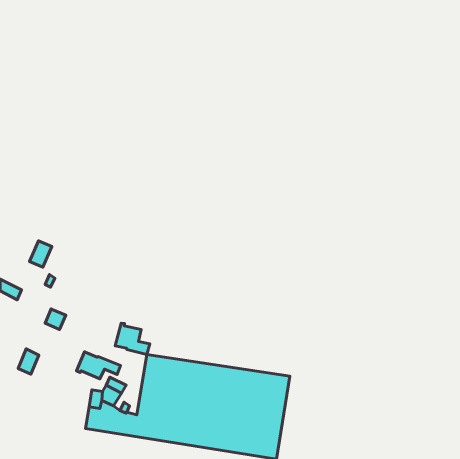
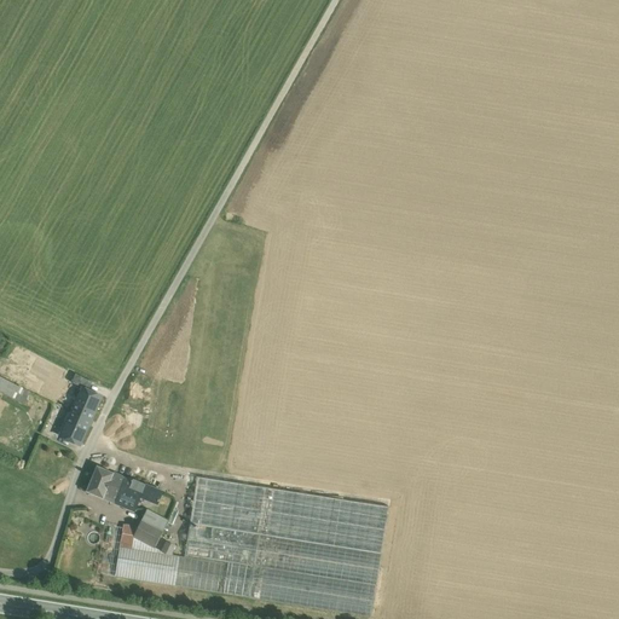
building: [29,241,52,267] -> [70,388,100,423]
building: [115,323,150,355] -> none
building: [18,349,39,374] -> [86,464,114,498]

